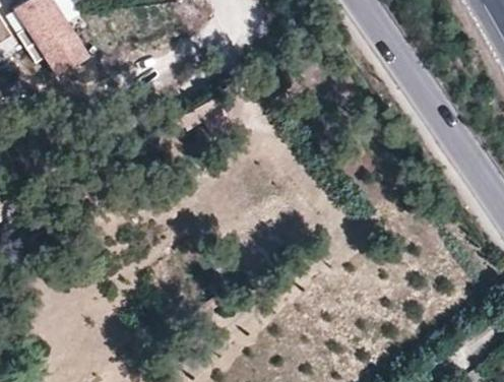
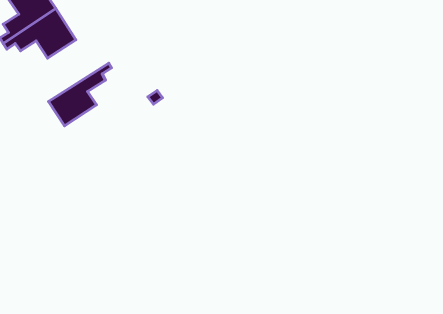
building: none -> [49,63,112,126]

